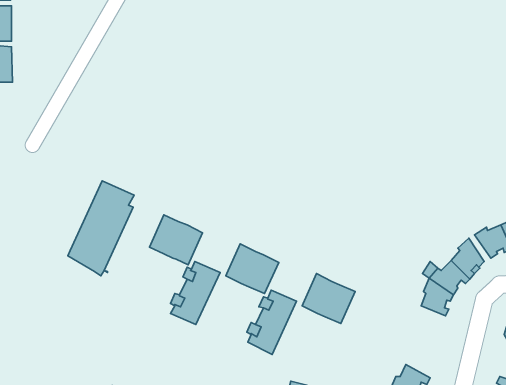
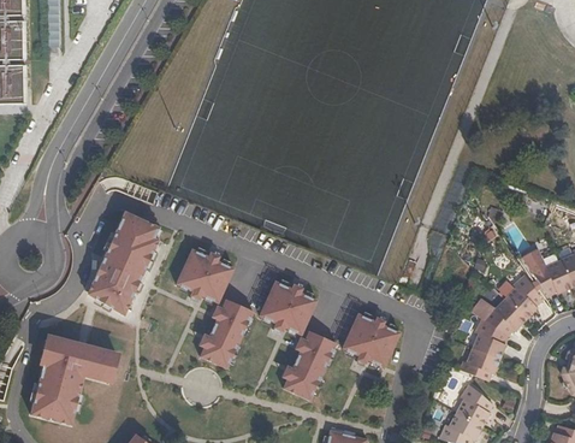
building: none -> [29,336,115,425]
building: none -> [458,348,498,382]
building: none -> [455,384,491,426]

